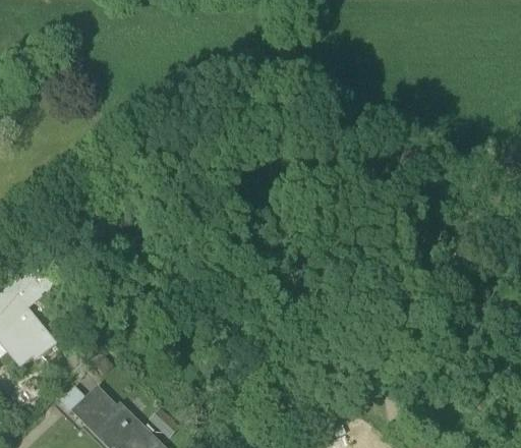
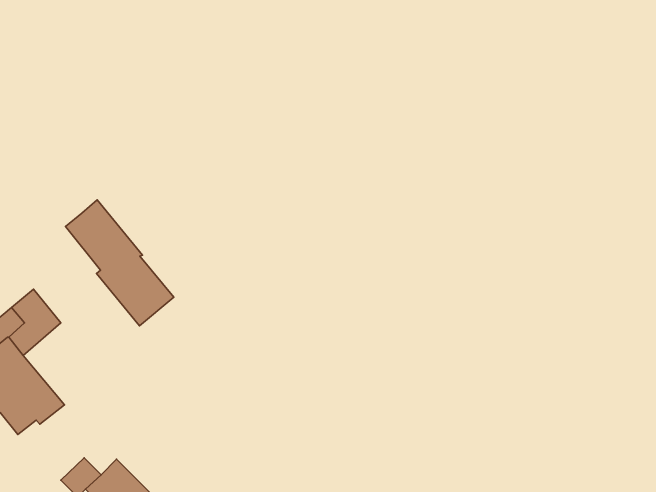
building: none -> [65,200,174,326]

